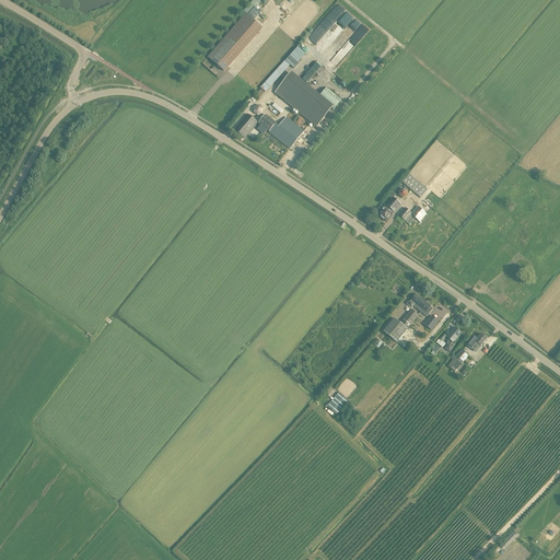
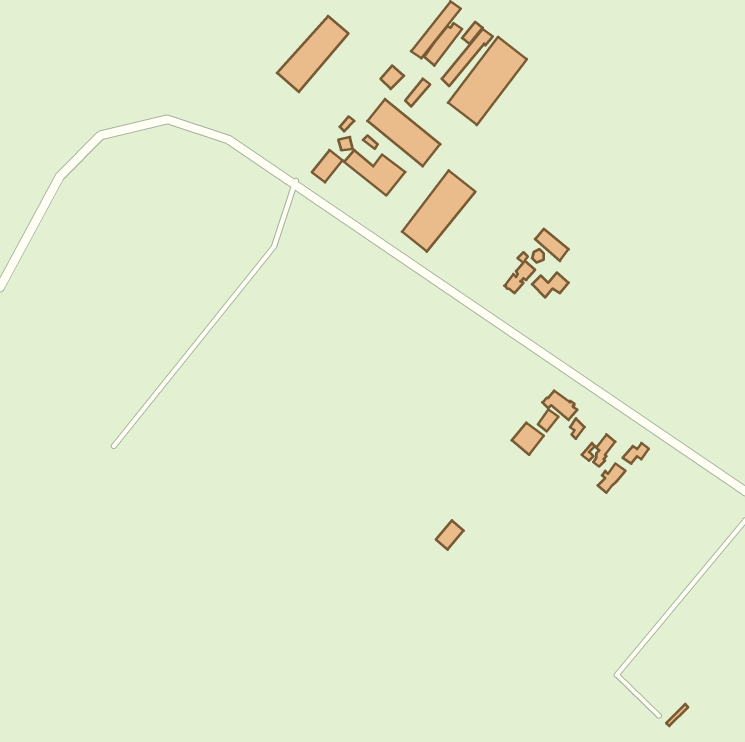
building: none -> [448,37,527,125]
building: none -> [402,170,475,252]

